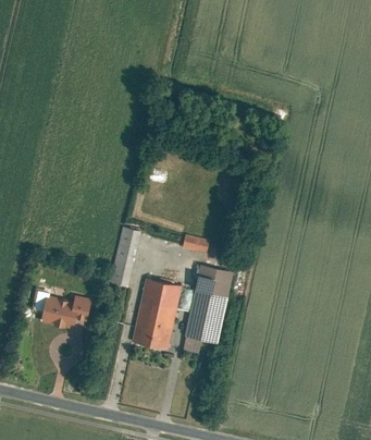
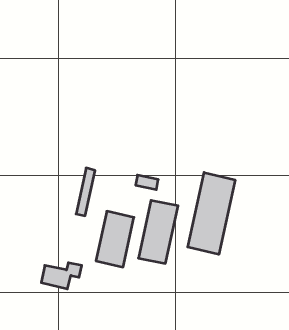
building: none -> [188,172,235,254]
building: [42,296,91,328] -> [41,263,82,289]

